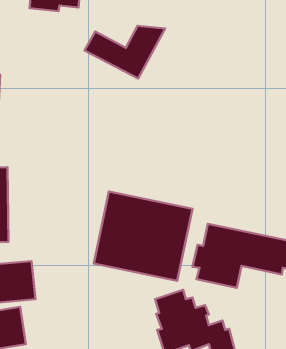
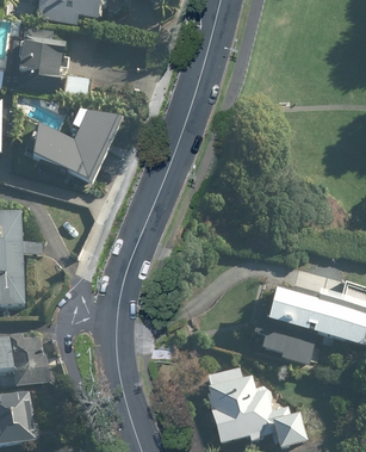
building: [85,26,165,78] -> [20,116,120,181]
building: none -> [25,39,67,79]
building: [94,191,192,281] -> none

